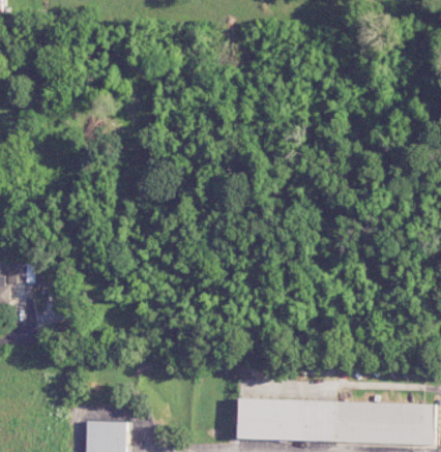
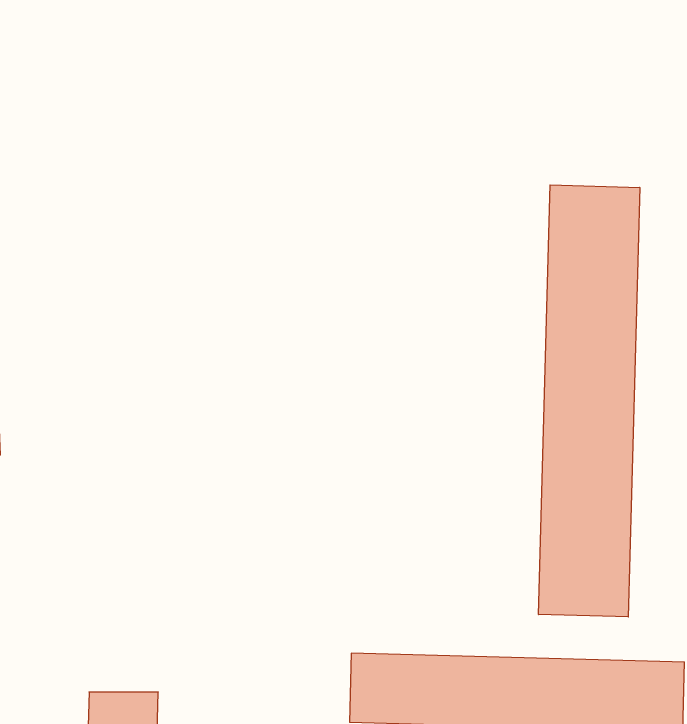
building: none -> [539,185,640,617]

